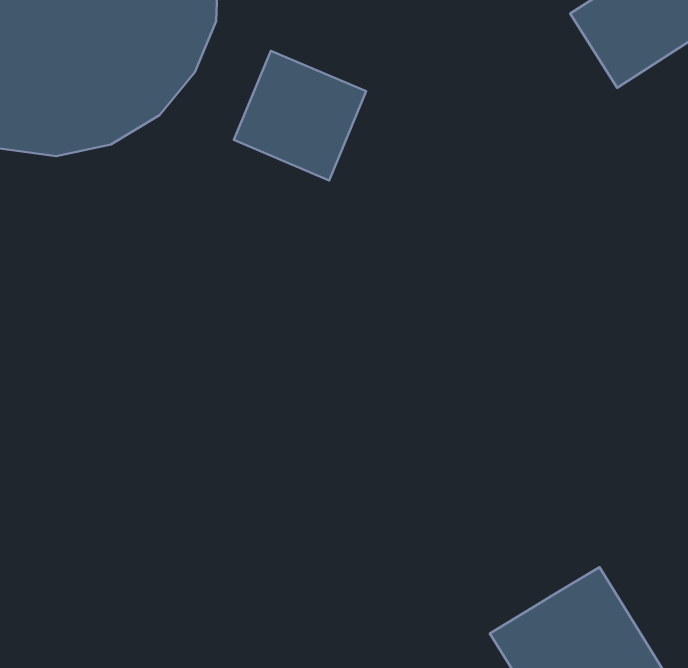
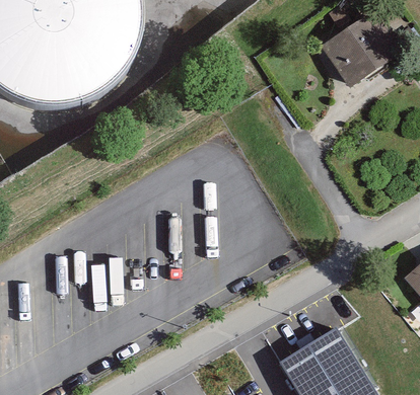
building: [234,51,366,180] -> none

